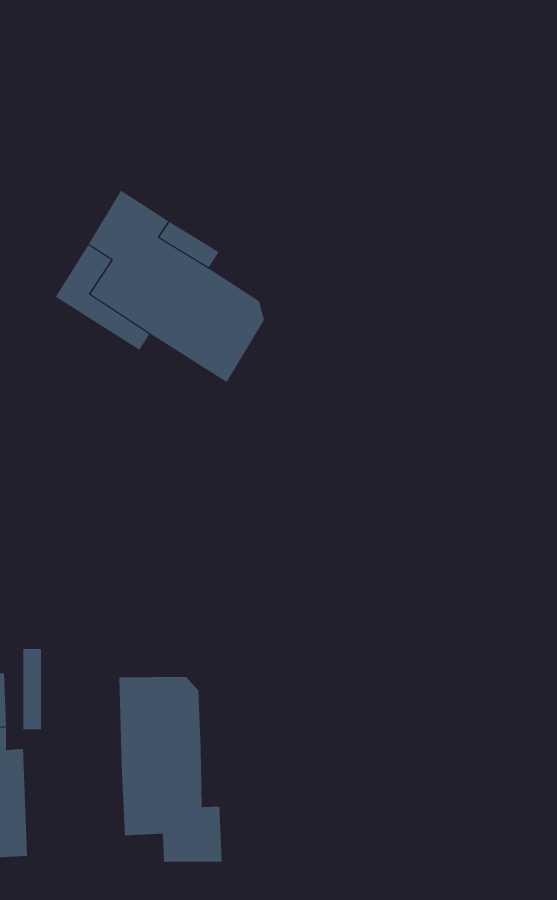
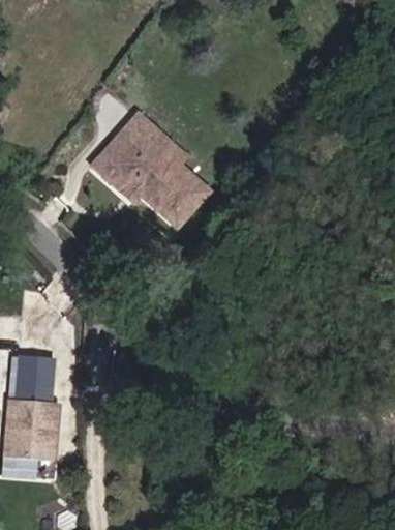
building: [119,676,222,862] -> none

